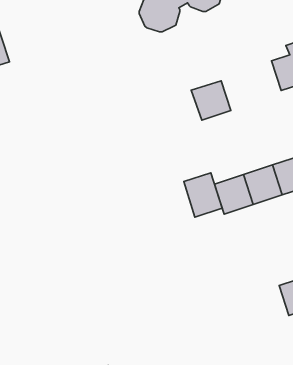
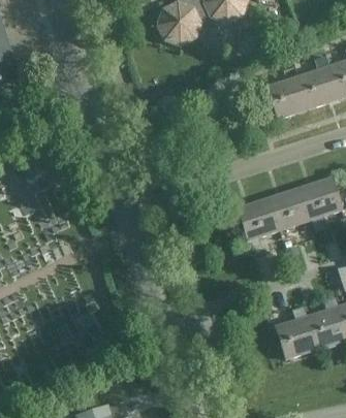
building: [191,81,231,120] -> [266,75,309,118]
building: [184,173,222,217] -> none
building: none -> [276,306,317,358]

